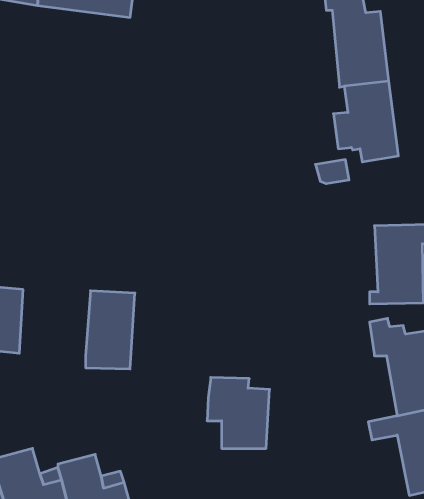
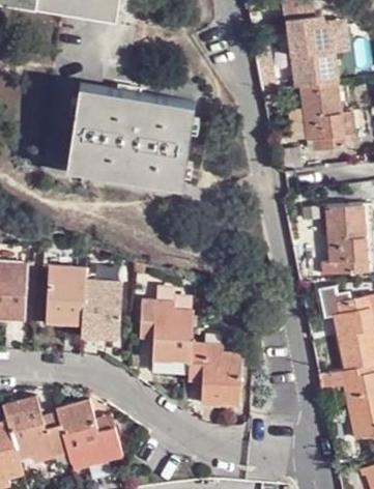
building: none -> [68,96,195,198]
building: none -> [41,259,81,317]
building: none -> [135,289,186,353]

